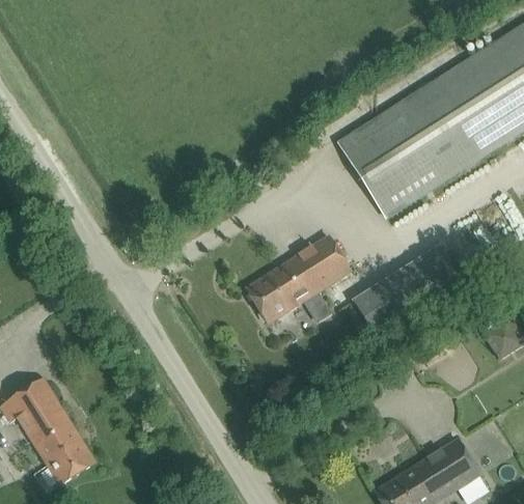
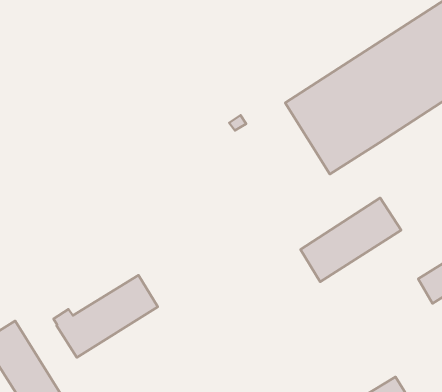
building: [246,235,351,324] -> none
building: none -> [54,275,158,357]

